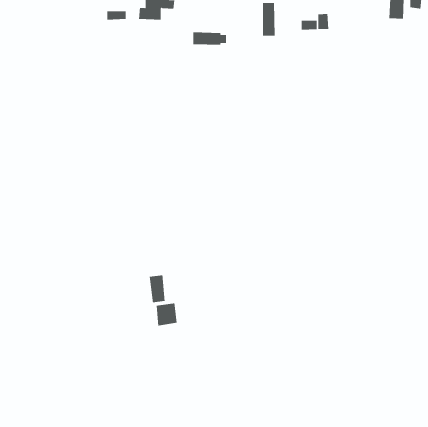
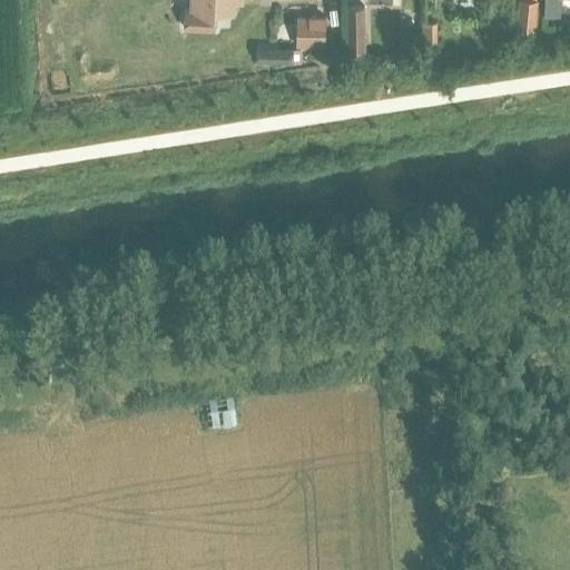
building: none -> [297,13,326,43]
building: [149,275,165,303] -> none

